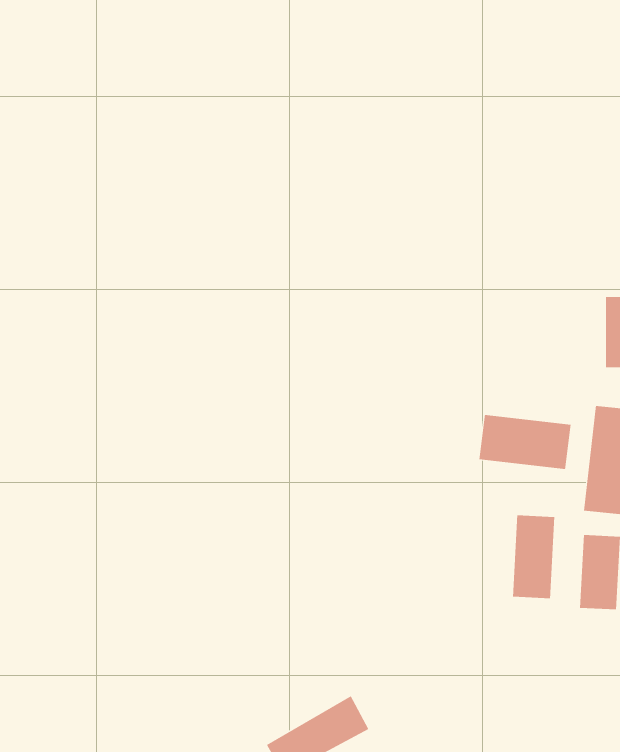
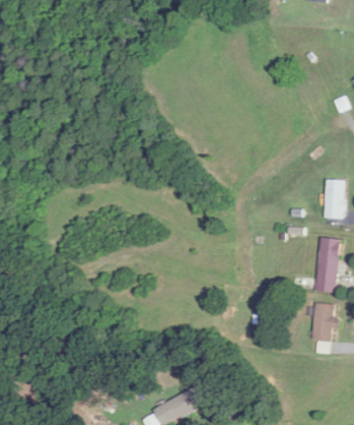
building: [479,414,571,470] -> none
building: [512,514,555,599] -> none

